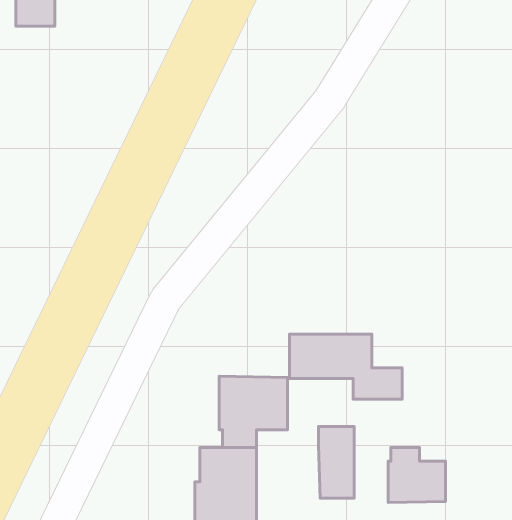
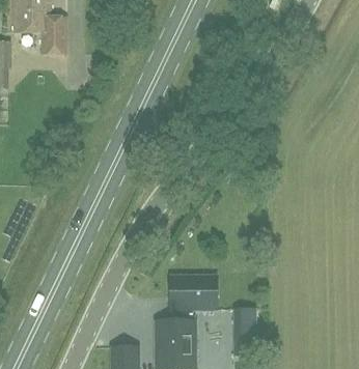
building: [289,334,402,399] -> none
building: [388,448,445,503] -> none

